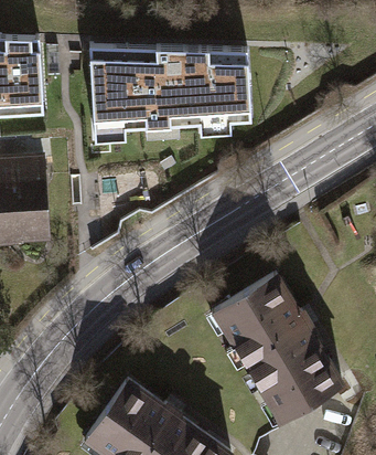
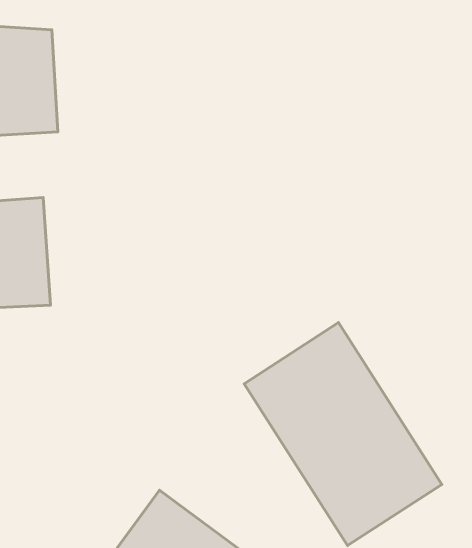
building: [96,43,253,125] -> none

